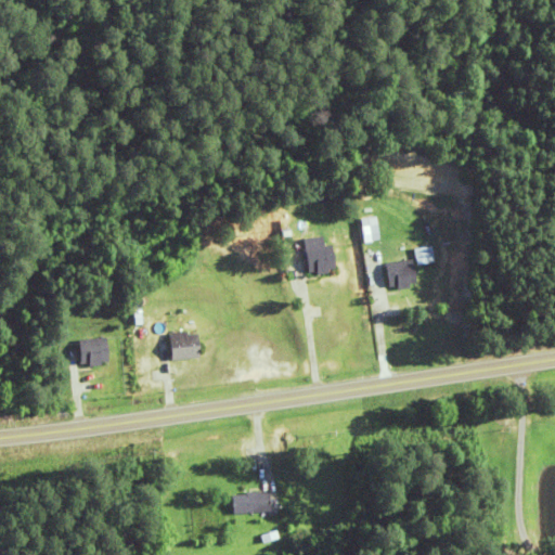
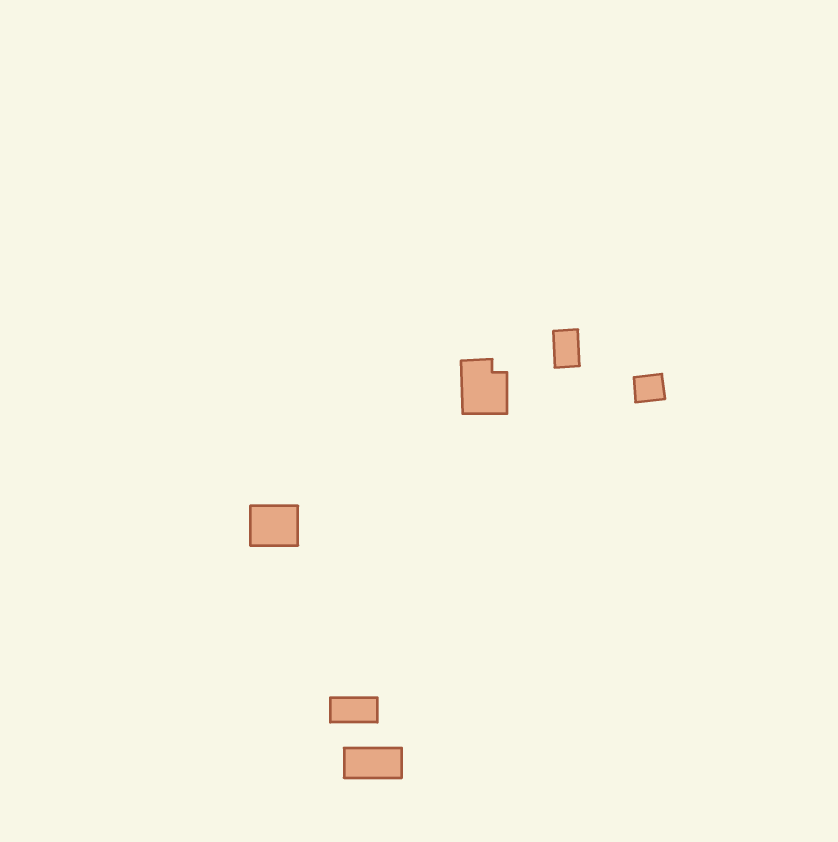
building: [386,259,420,289] -> none
building: [78,337,107,364] -> none
building: none -> [330,698,377,722]

